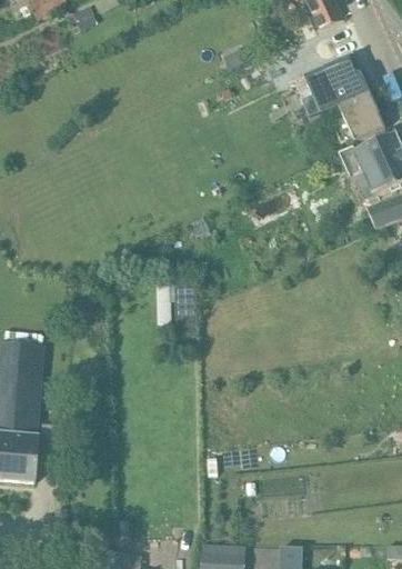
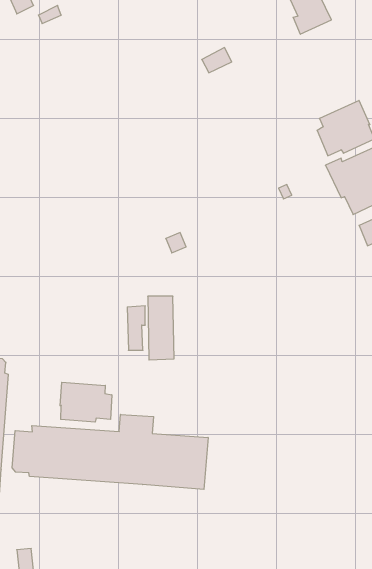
building: [292,57,369,120] -> none
building: none -> [60,382,112,422]
building: none -> [12,414,208,489]

